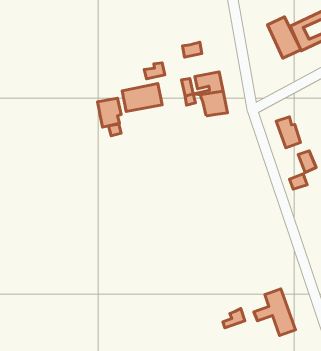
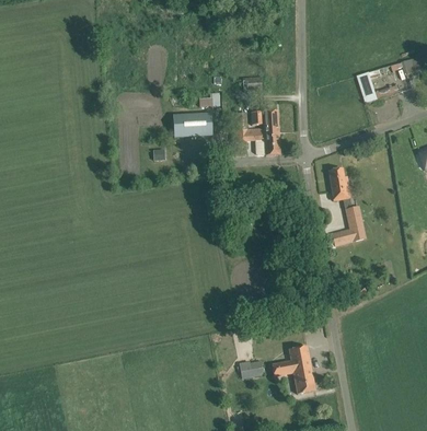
building: [268,17,301,58] -> none
building: [97,98,121,127] -> none

